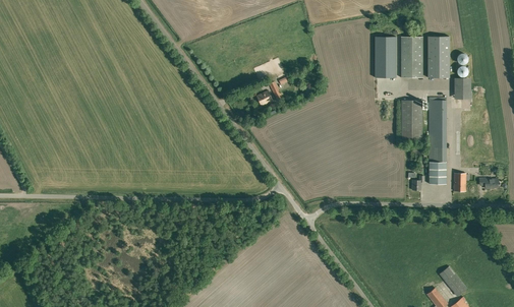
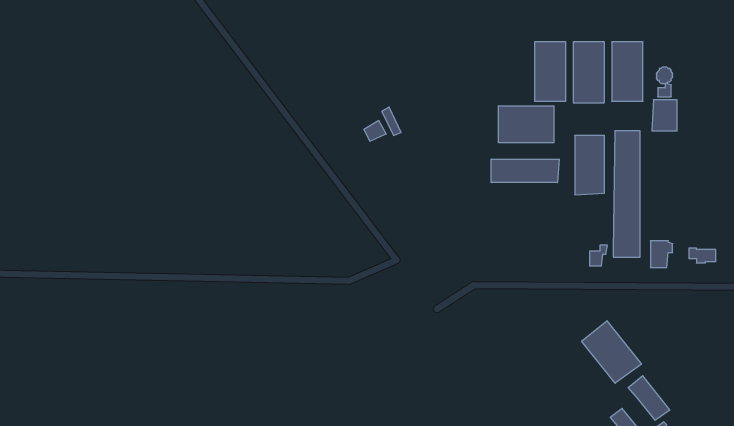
building: none -> [499,106,554,143]
building: none -> [491,159,559,183]
building: none -> [582,321,641,383]

